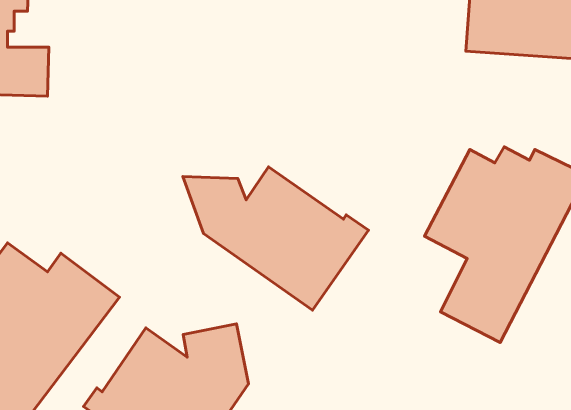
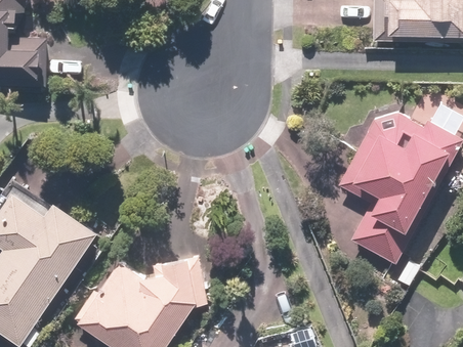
building: [183,167,368,310] -> none

